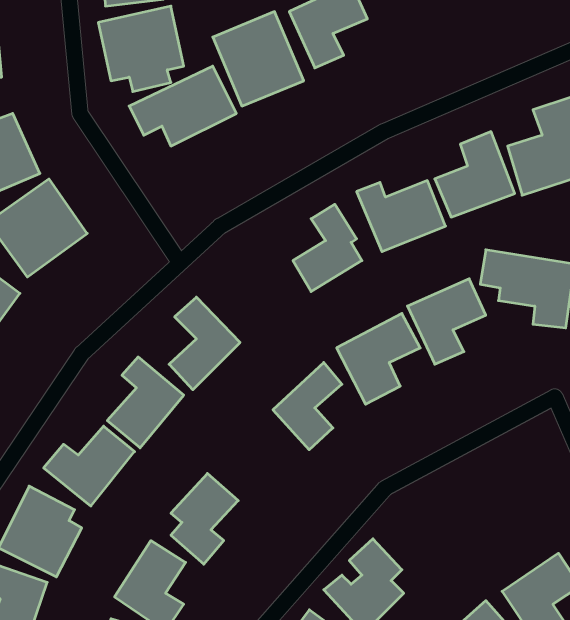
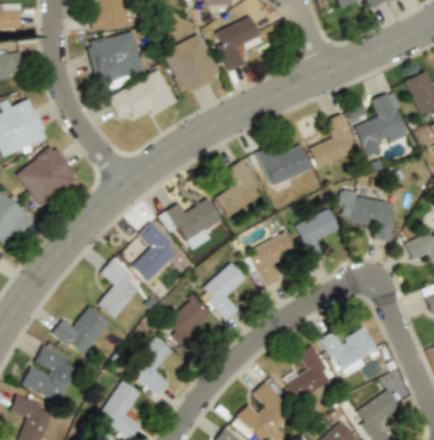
building: none -> [158,199,221,251]
building: none -> [164,295,213,344]
building: none -> [319,326,377,378]
building: none -> [282,345,333,402]

